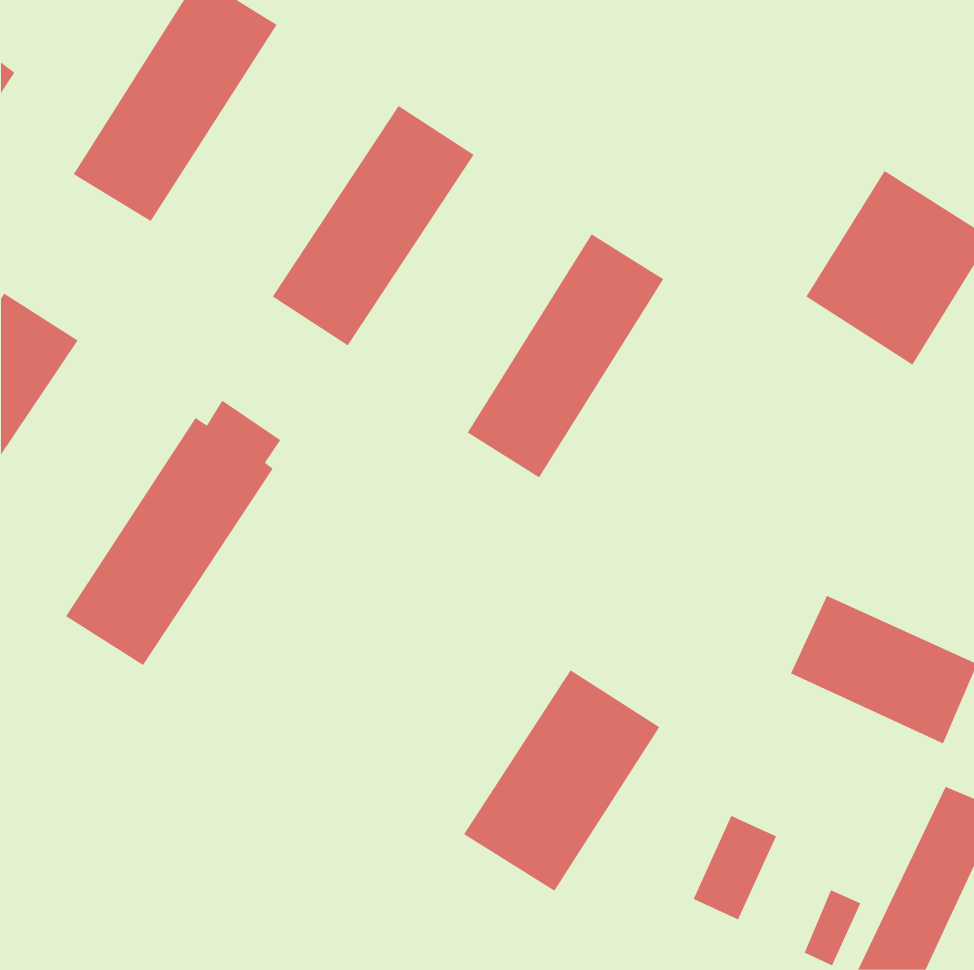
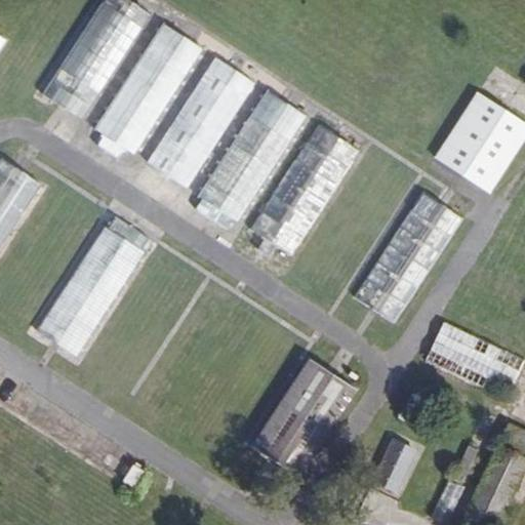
building: none -> [93,23,203,158]
building: none -> [197,91,306,227]
building: none -> [355,191,463,321]

